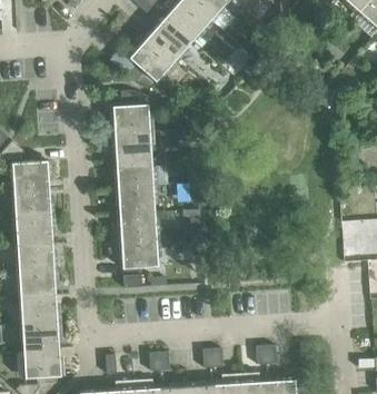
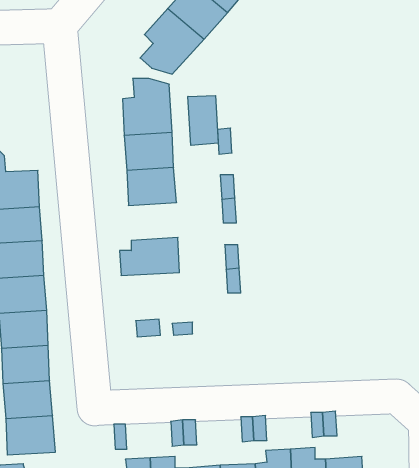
building: none -> [188,96,218,145]
building: [117,186,155,215] -> none
building: [111,239,158,268] -> none

